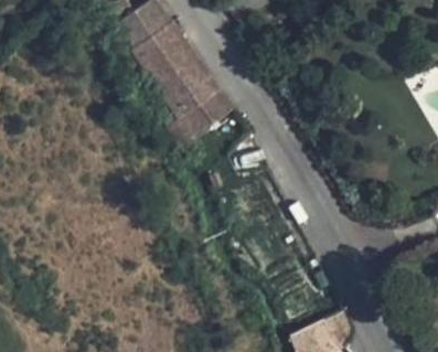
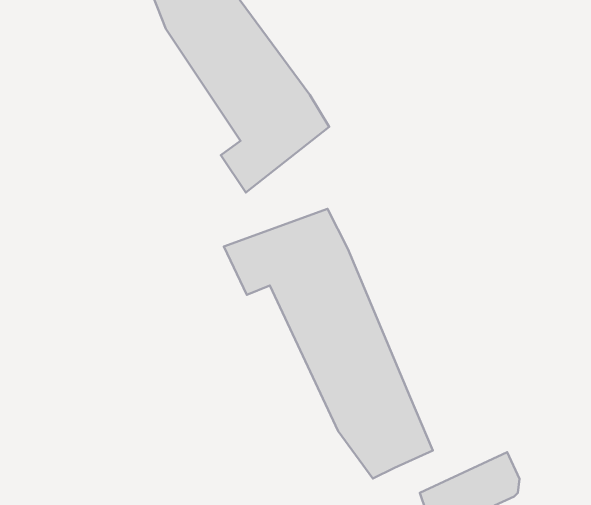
building: none -> [224,209,433,479]

